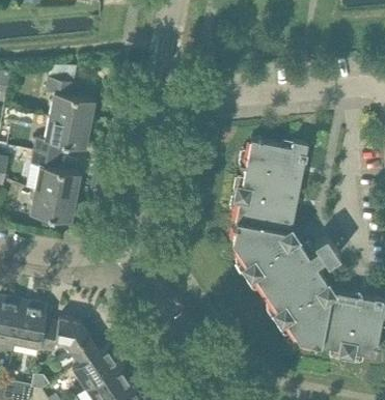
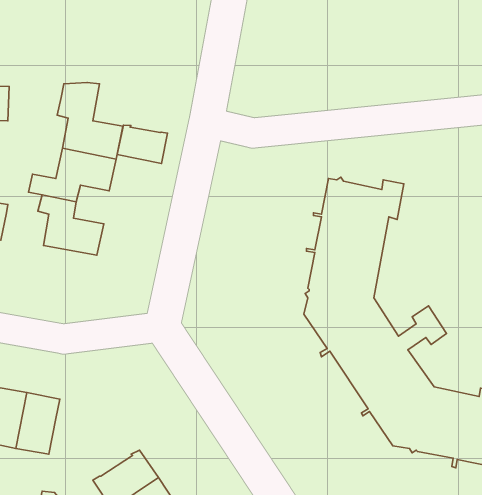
building: none -> [117,125,167,164]
building: [30,191,76,223] -> none
building: [39,319,103,365] -> none

